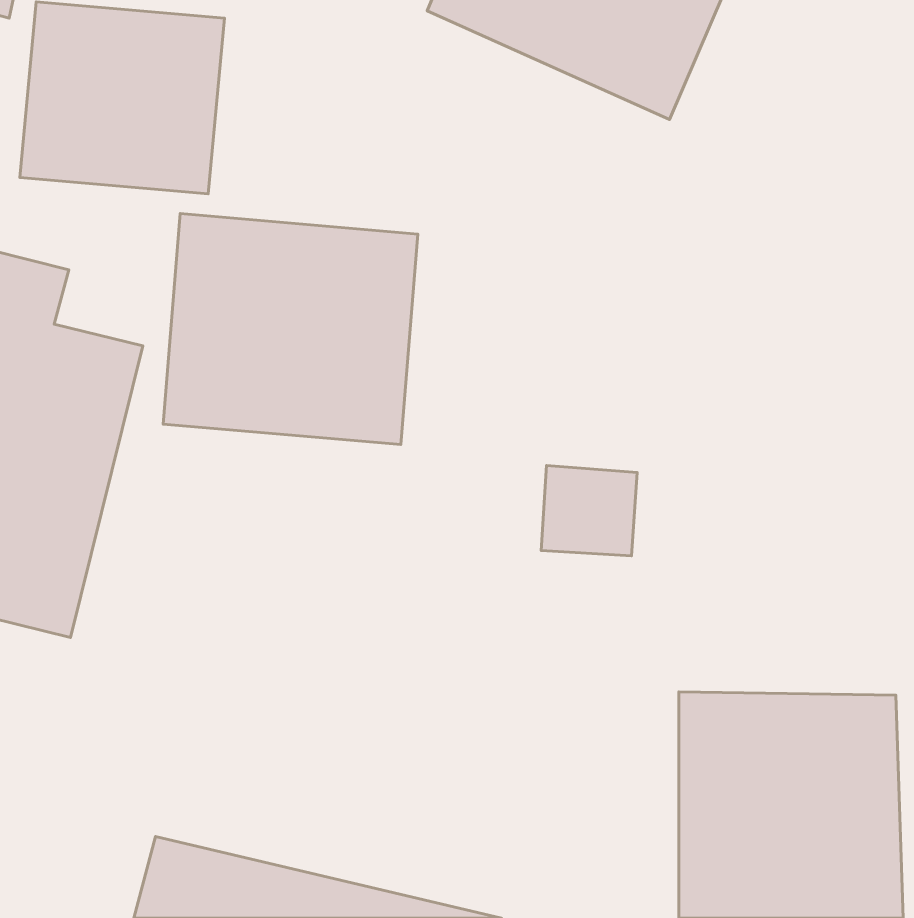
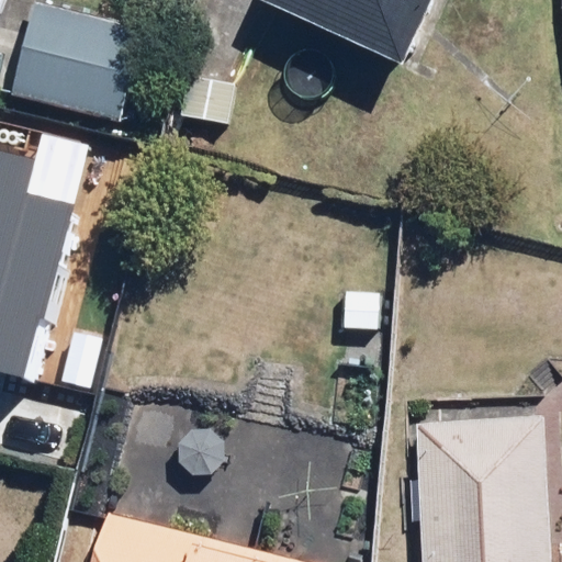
building: [163,213,418,445] -> none

